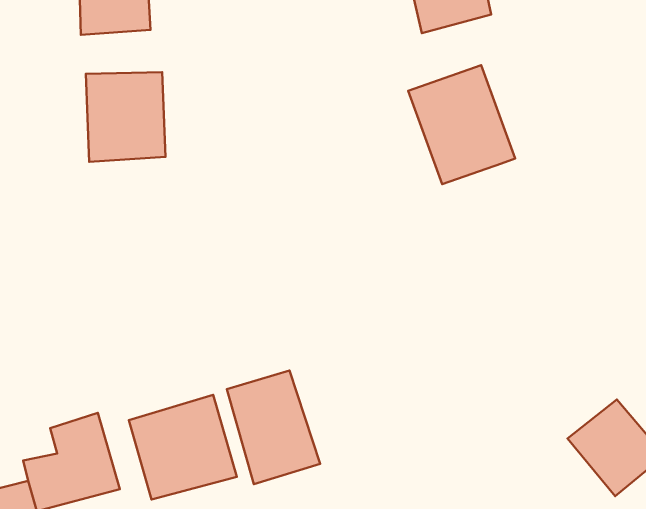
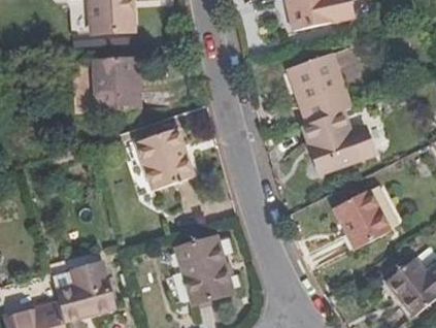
building: none -> [305,109,363,173]
building: none -> [136,124,194,188]
building: none -> [336,193,396,255]
building: [129,395,237,499] -> none

